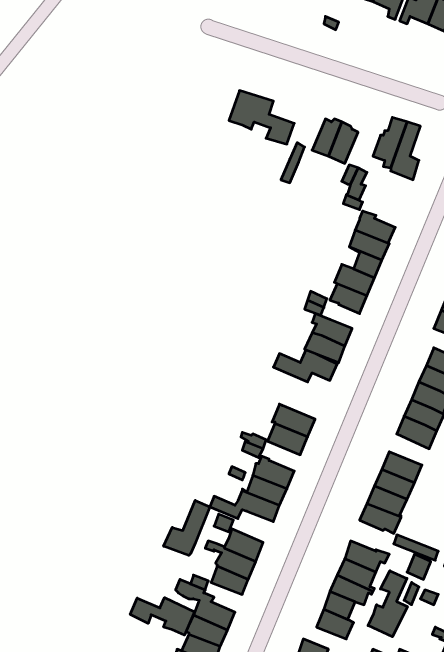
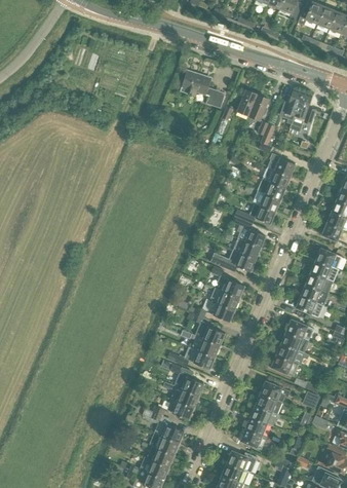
building: none -> [210,265,244,297]
building: [164,500,210,555] -> none
building: [368,571,407,637] -> none
building: [130,598,194,635] -> none

